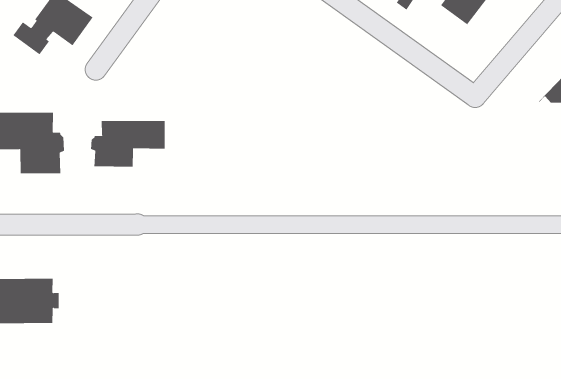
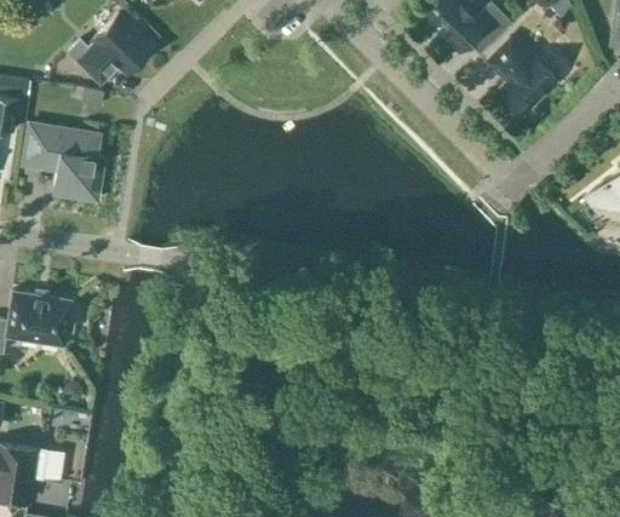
building: [90,120,165,167] -> none

